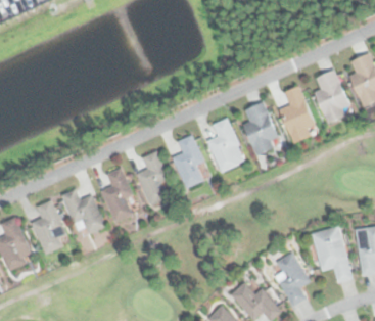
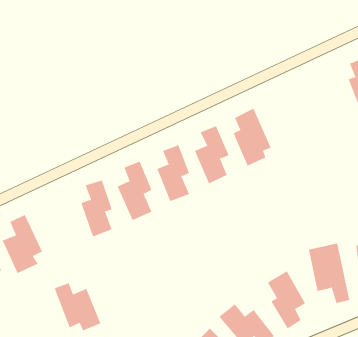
building: [315,70,349,124] -> none
building: [280,85,315,143] -> none
building: [62,189,106,234] -> [54,283,101,331]

